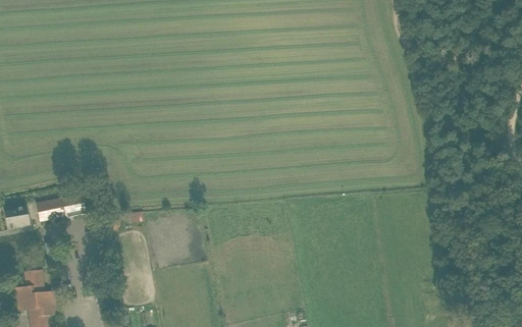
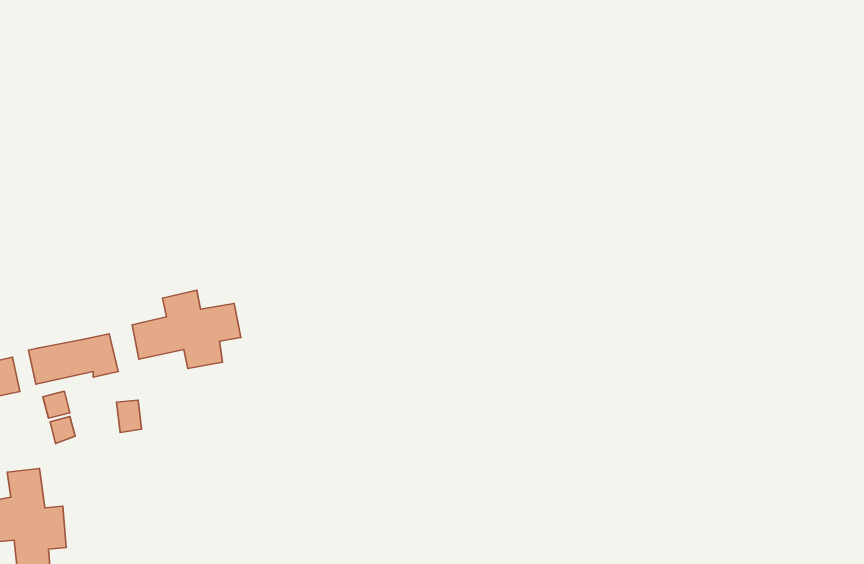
building: none -> [132,290,241,368]

